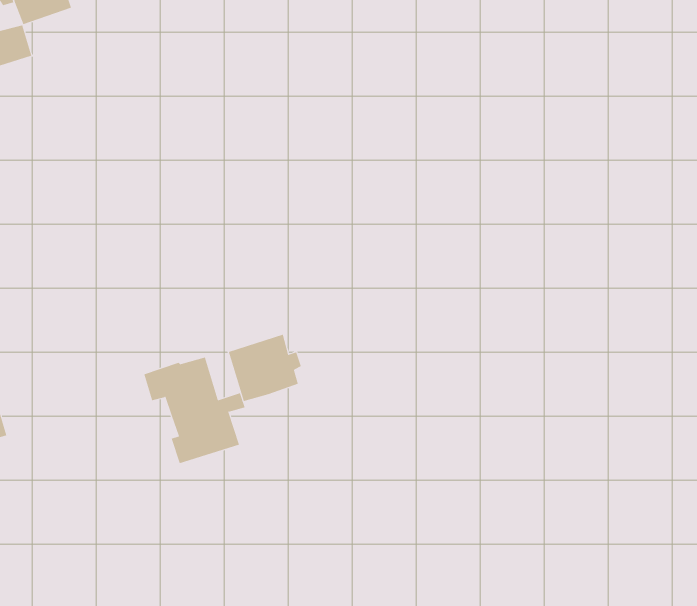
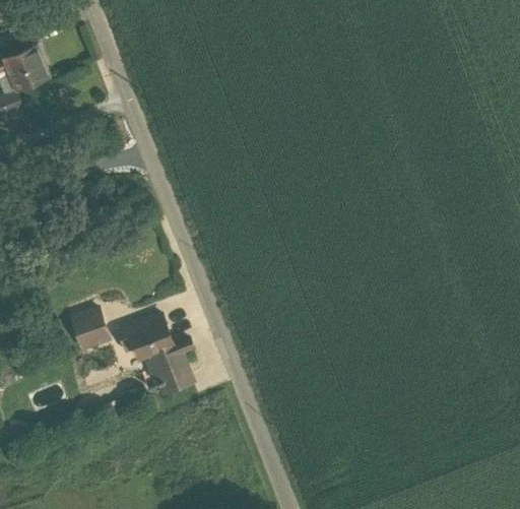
building: [228,334,302,402] -> none
building: none -> [73,311,109,351]

